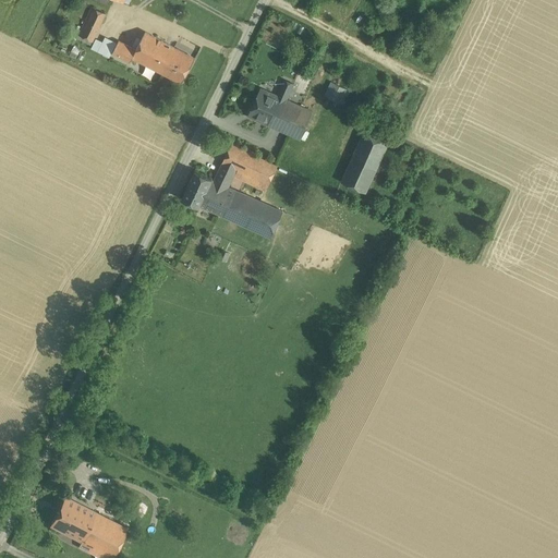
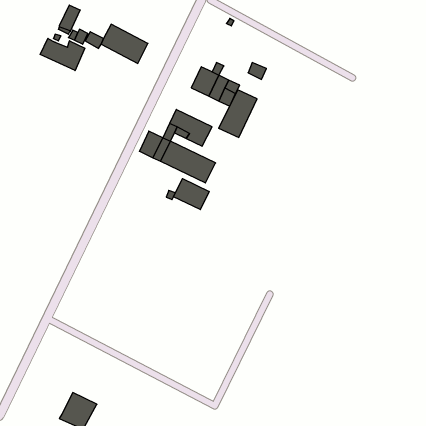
building: none -> [40,38,85,71]
building: [339,132,389,194] -> [219,90,257,137]
building: none -> [174,179,209,210]
building: [49,497,95,542] -> none

